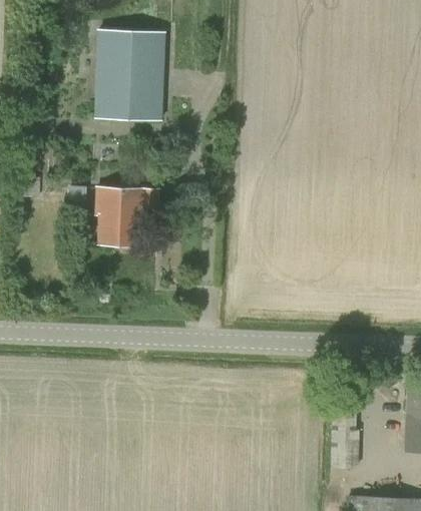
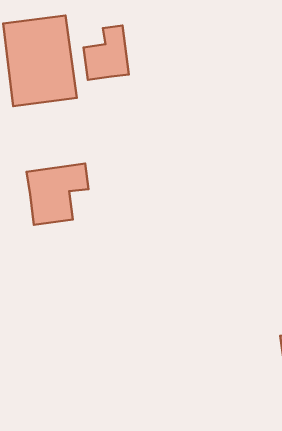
building: none -> [84,25,129,80]

